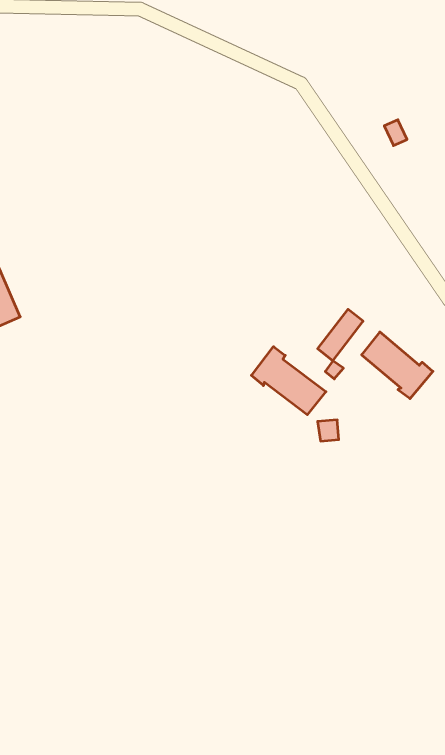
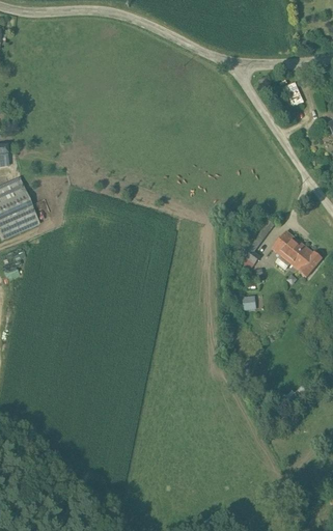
building: [251,347,326,415] -> none

